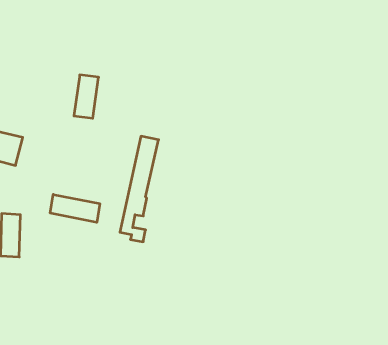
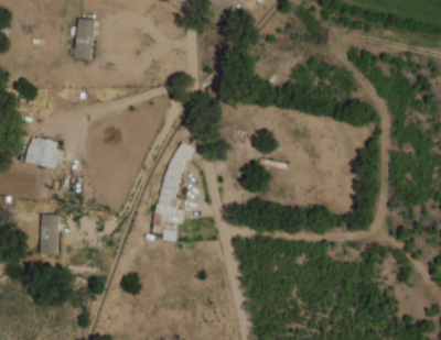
building: [74,75,99,118] -> [73,19,96,59]
building: [50,194,100,222] -> none

